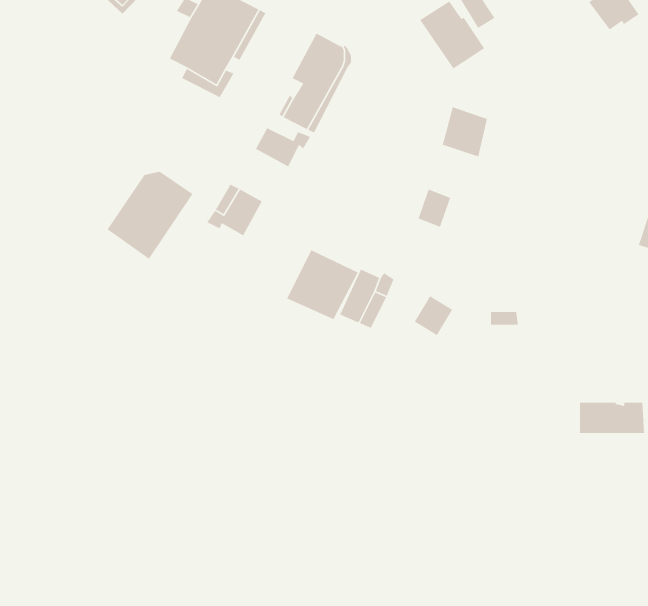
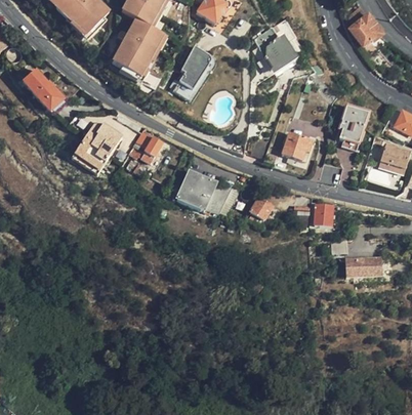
building: none -> [24,69,65,111]
building: [442,106,488,158] -> [284,130,311,160]
building: [255,127,311,167] -> none
building: none -> [341,108,370,150]
building: none -> [316,203,334,225]

